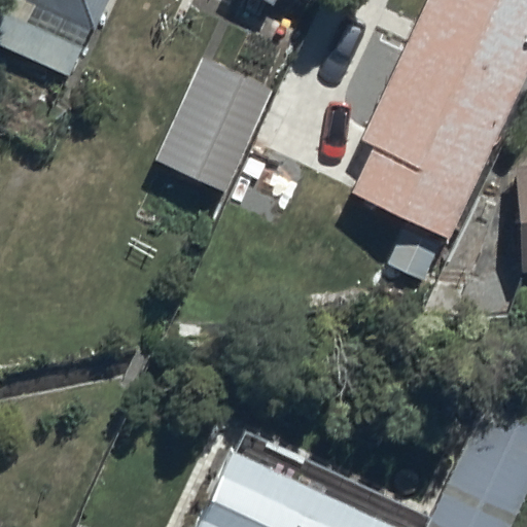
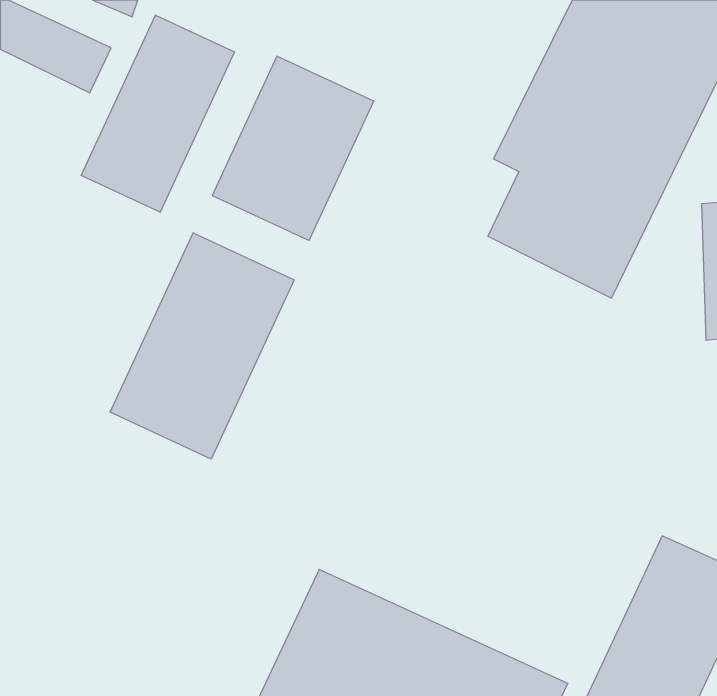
building: none -> [81,15,235,212]
building: none -> [110,233,294,459]

